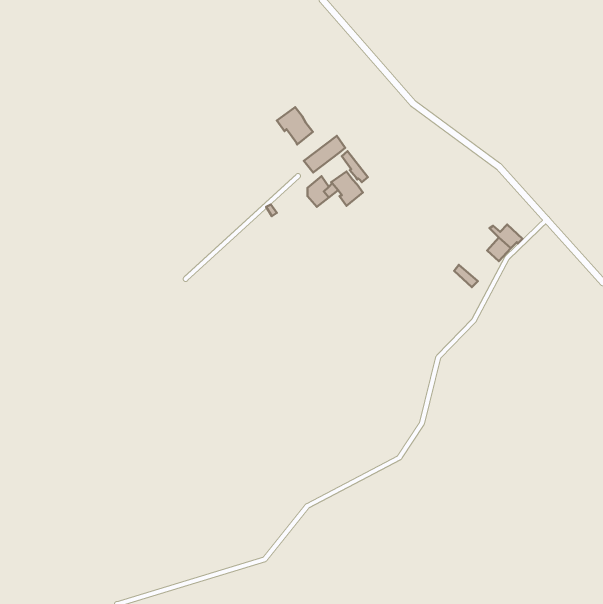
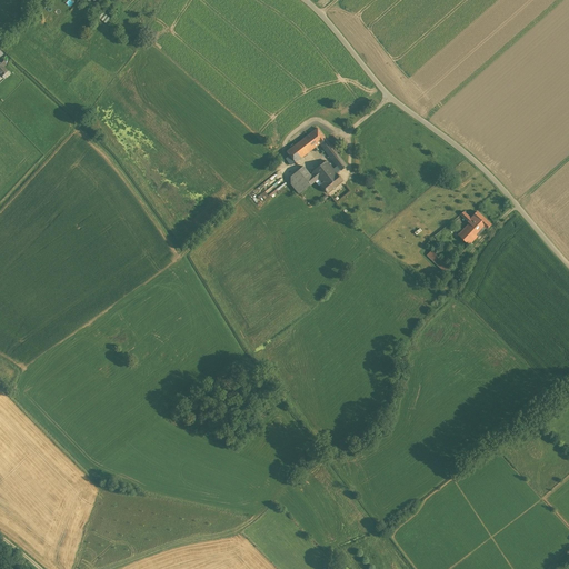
building: [277,107,313,145] -> none

